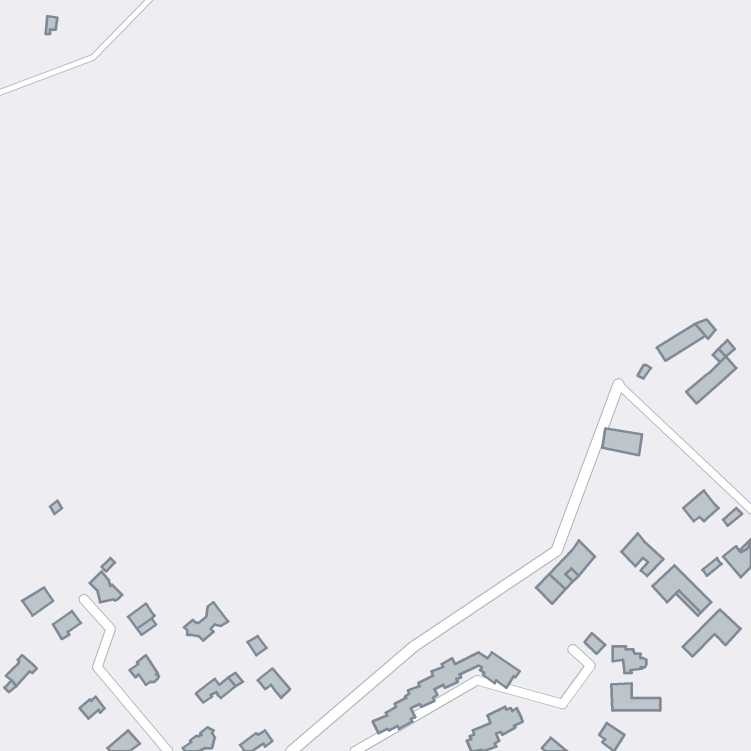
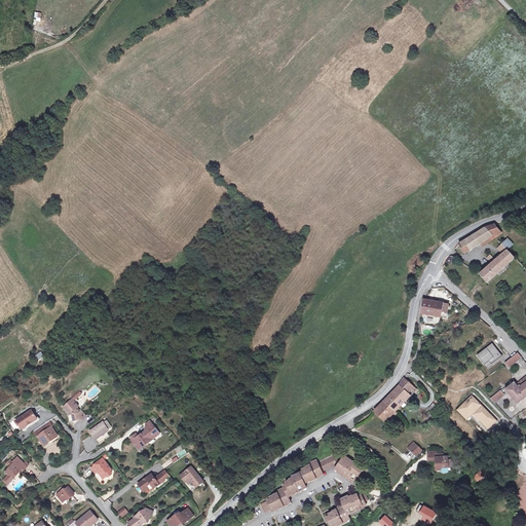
building: [621,533,663,576] -> none
building: [683,610,741,656] -> none
building: [612,683,660,711] -> none

